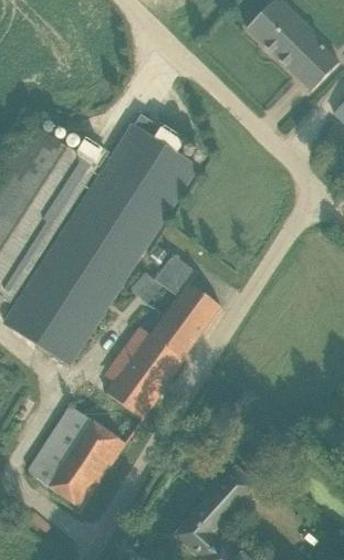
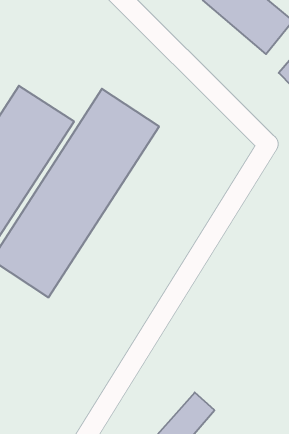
building: [106,255,216,414] -> none
building: [30,409,125,505] -> none

